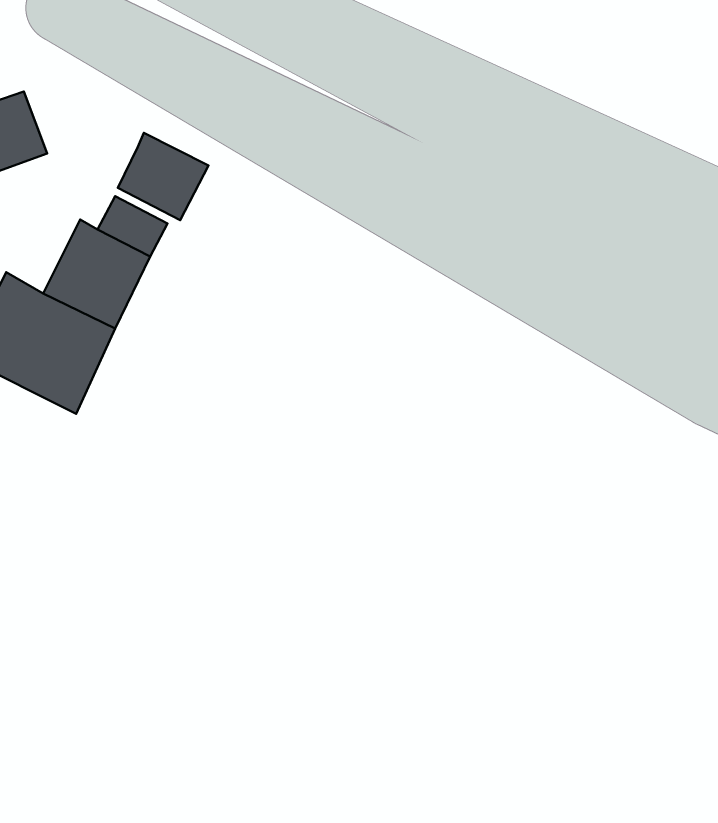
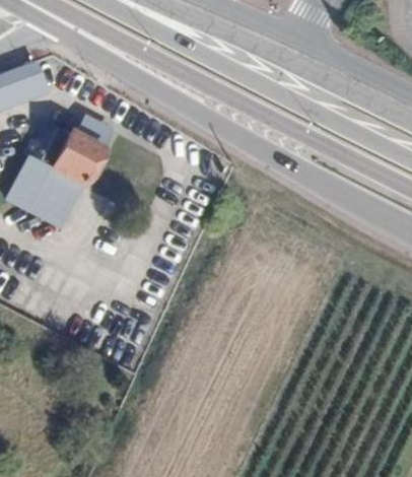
building: [118,133,208,220] -> none

